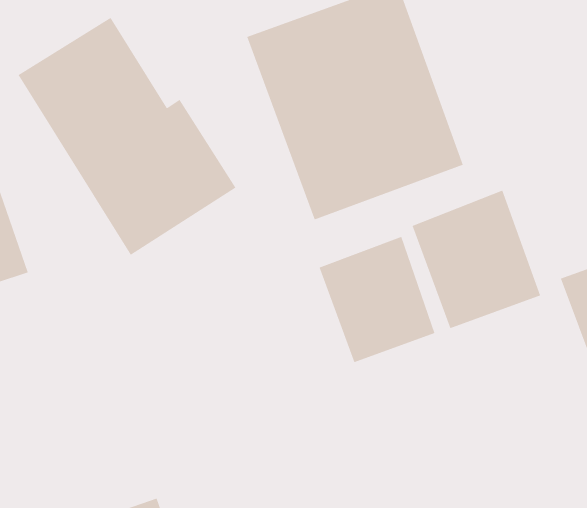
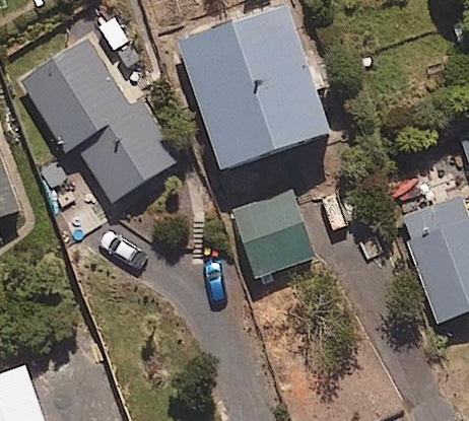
building: [411,190,541,329] -> none

